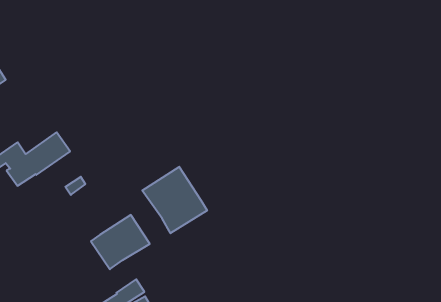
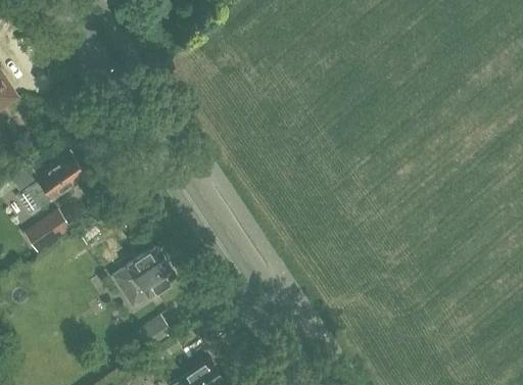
building: [142,167,207,233] -> none
building: none -> [23,207,72,251]

